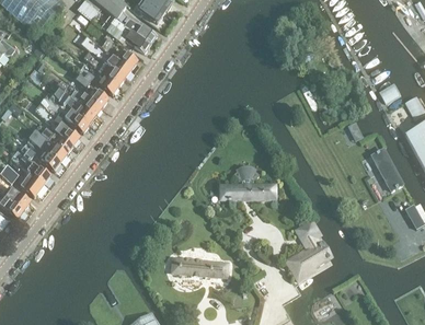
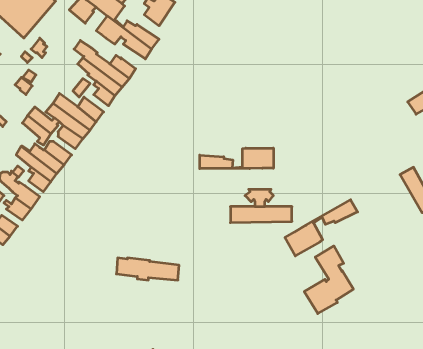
building: none -> [200,148,273,169]
building: none -> [285,200,358,256]
building: [172,257,228,277] -> [116,258,179,280]

